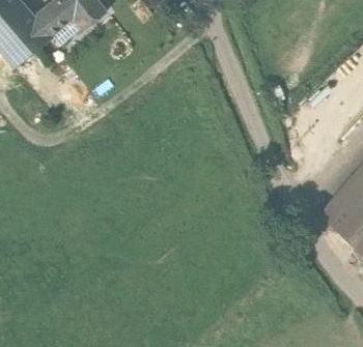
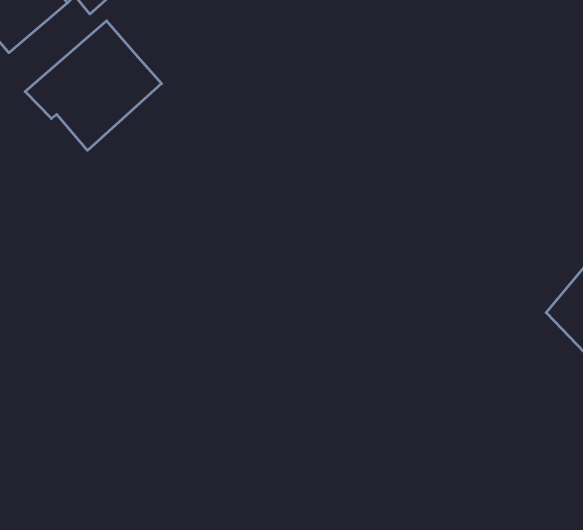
building: none -> [25,21,162,150]

